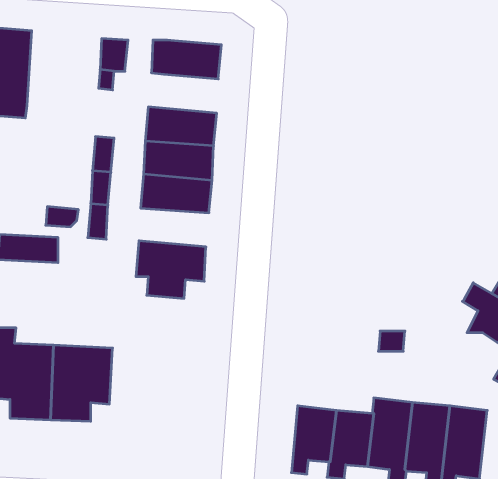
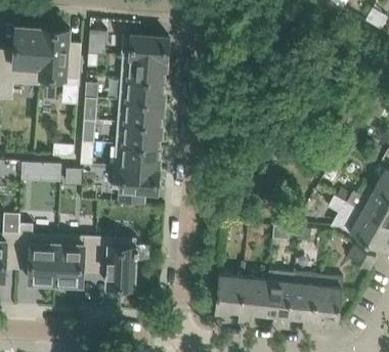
building: none -> [40,28,81,80]
building: none -> [120,55,166,82]
building: none -> [114,144,160,170]
building: none -> [94,236,137,287]

